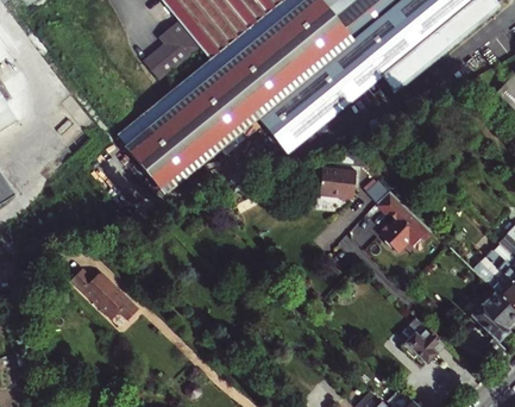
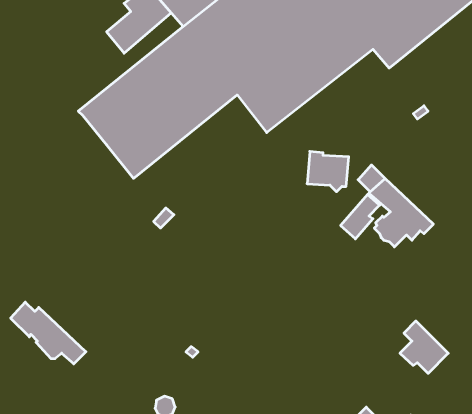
building: [73,267,139,321] -> [11,302,86,364]

